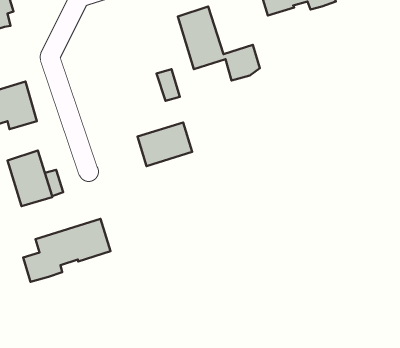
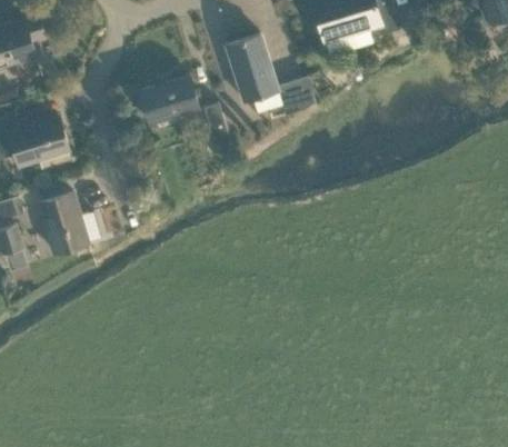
building: [137,122,192,166] -> [140,76,200,123]
building: [23,219,111,282] -> none

